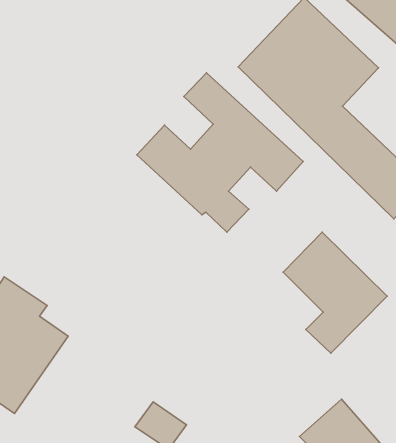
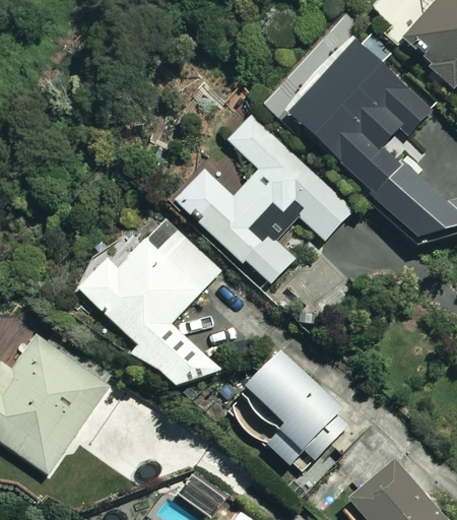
building: none -> [80,225,223,385]
building: [283,232,387,353] -> [243,343,353,472]

